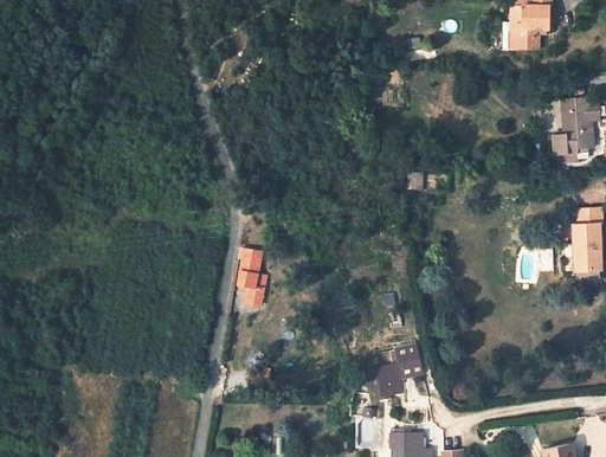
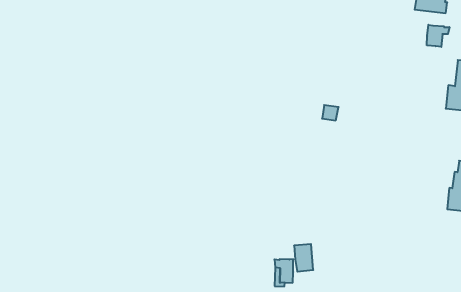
building: none -> [427,25,449,47]
building: [240,249,267,304] -> none

